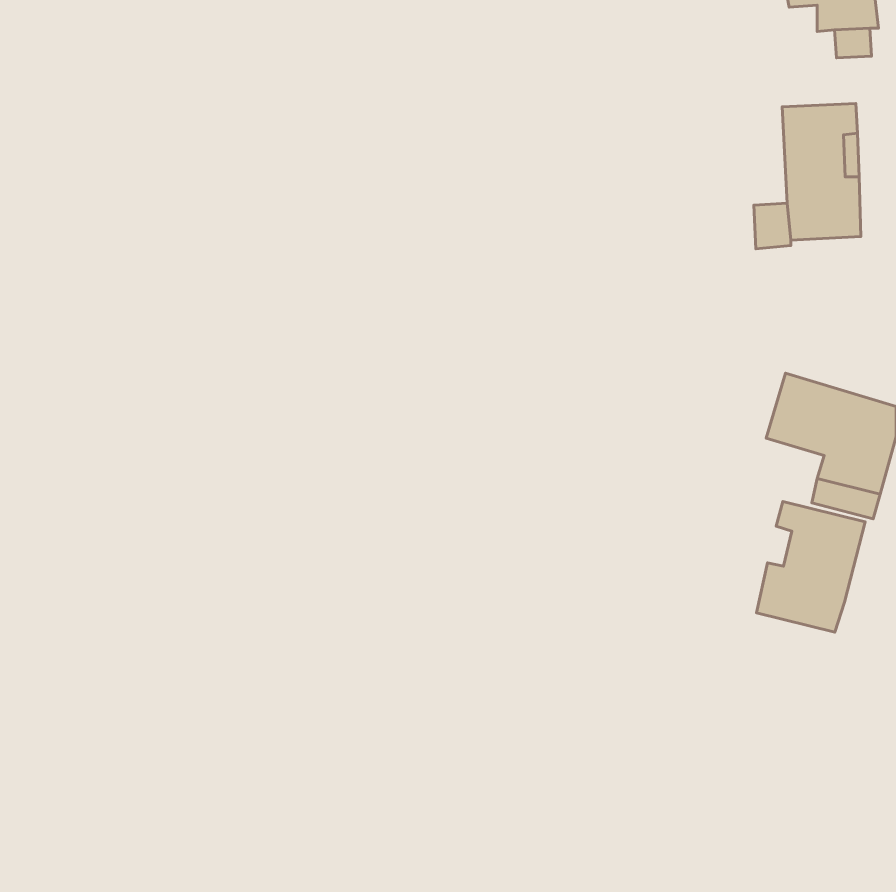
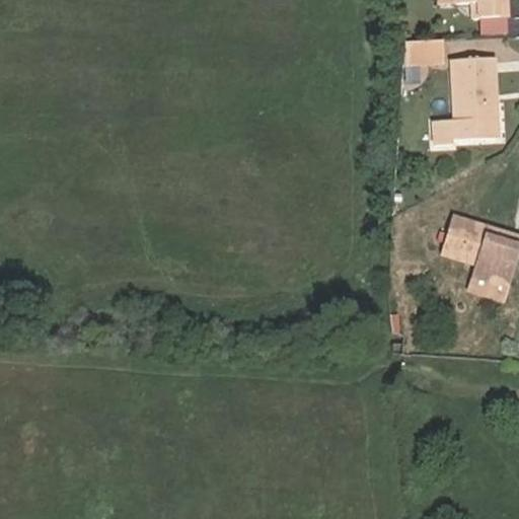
building: none -> [403,40,440,63]
building: [757,502,865,632] -> none

